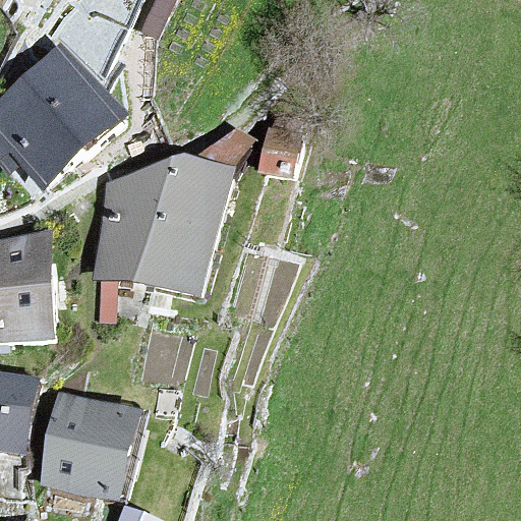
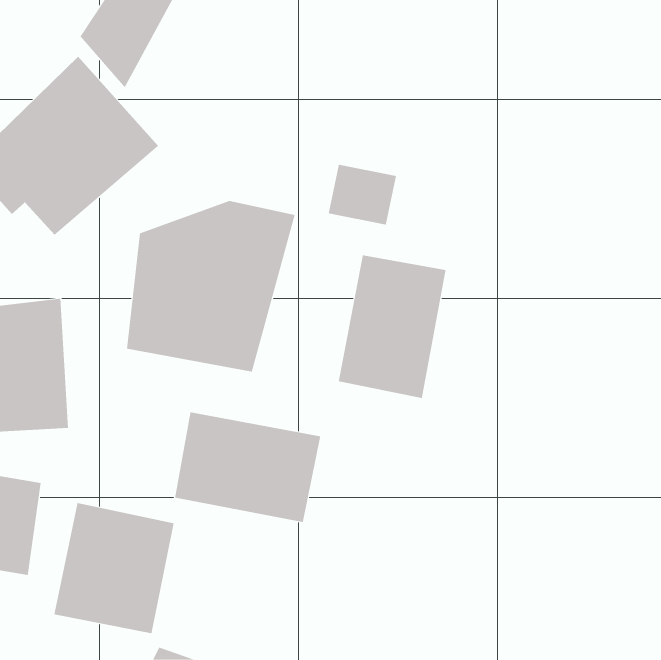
building: none -> [338,255,446,399]
building: none -> [175,411,321,523]

